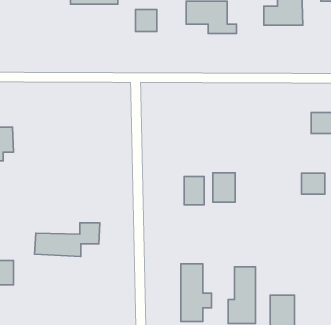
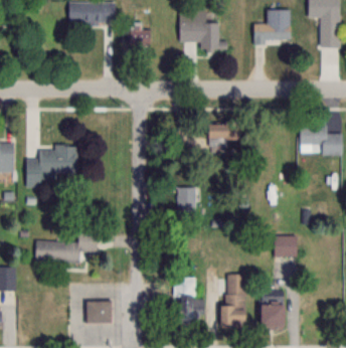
building: none -> [207,124,239,140]
building: none -> [25,145,76,187]
building: [213,173,235,202] -> none
building: [302,173,325,194] -> [274,236,296,256]
building: none -> [85,301,112,324]

